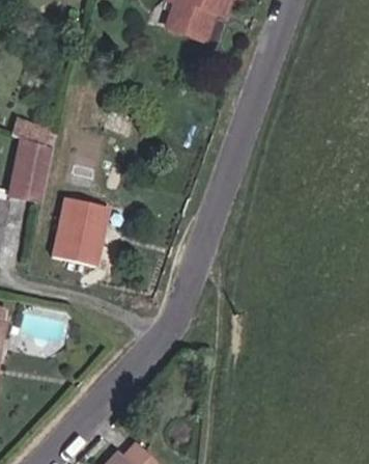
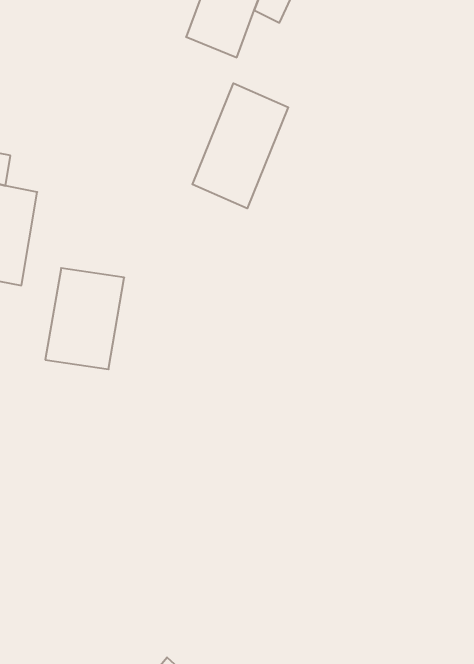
building: none -> [192,83,288,208]

